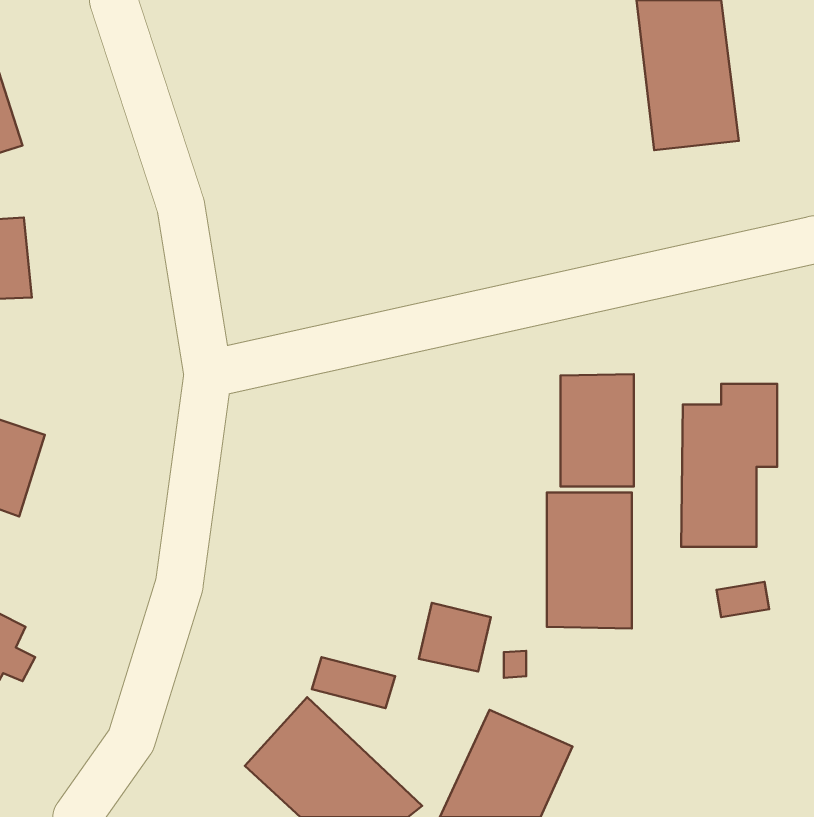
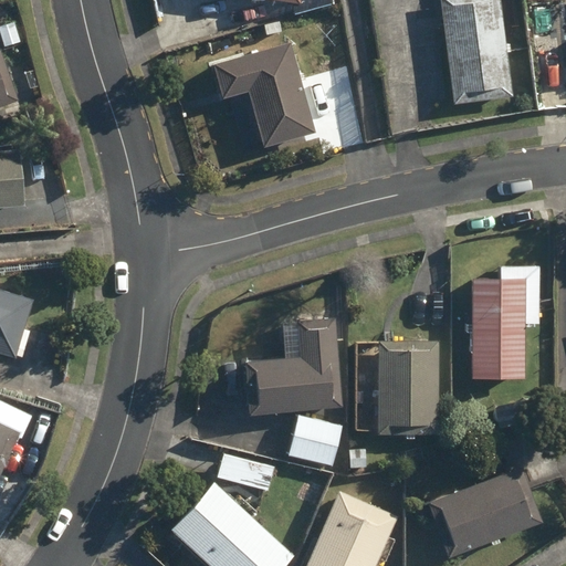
building: none -> [212,42,314,146]
building: [561,374,634,487] -> none
building: none -> [243,317,342,413]
building: none -> [427,469,541,557]

